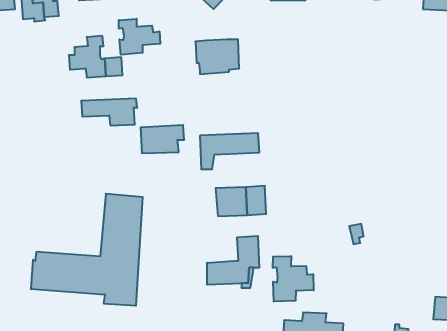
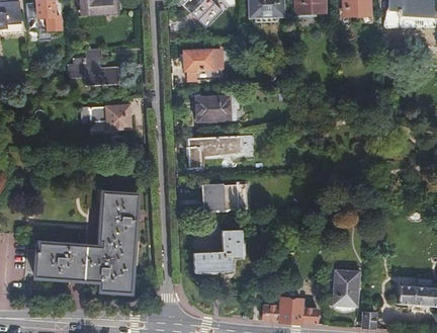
building: [119,19,160,55] -> none
building: [141,125,184,153] -> [195,97,235,122]
building: [273,256,314,302] -> none
building: none -> [331,270,360,308]

